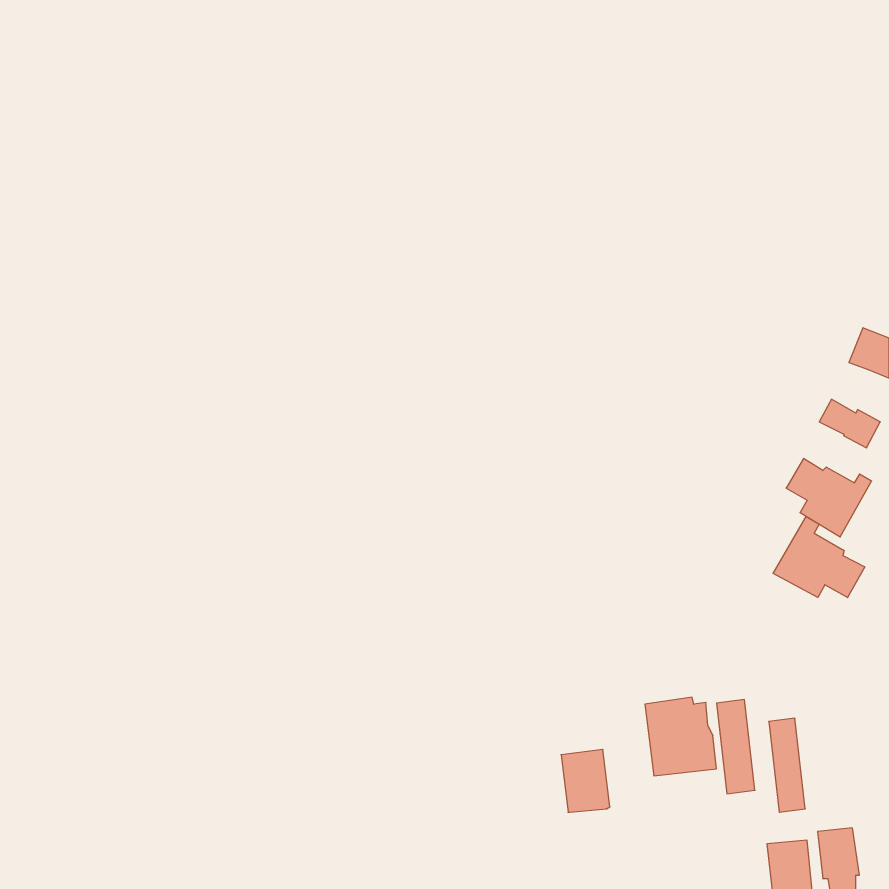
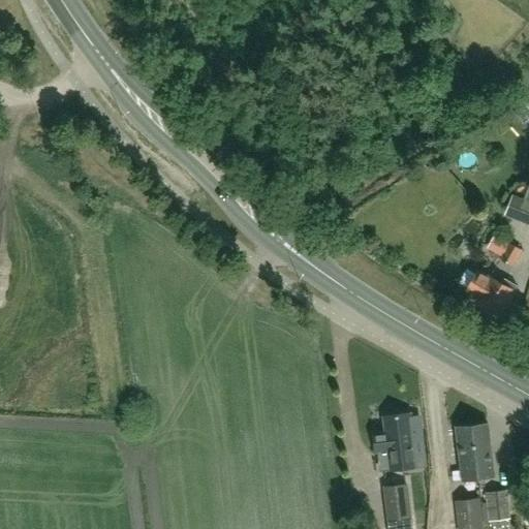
building: [773,517,865,598] -> none
building: [717,700,755,794] -> [471,425,494,480]
building: [561,749,610,812] -> [382,485,411,522]

